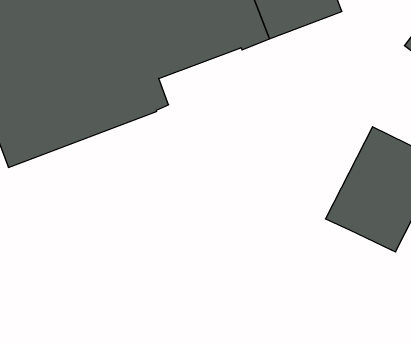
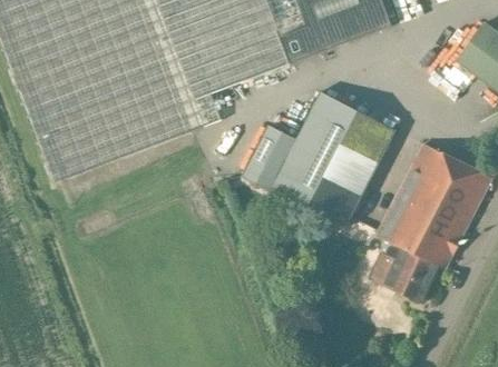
building: none -> [241,89,396,227]
building: none -> [367,245,441,302]

